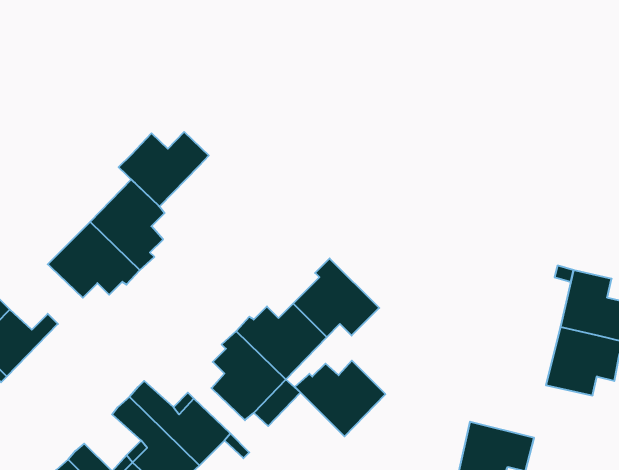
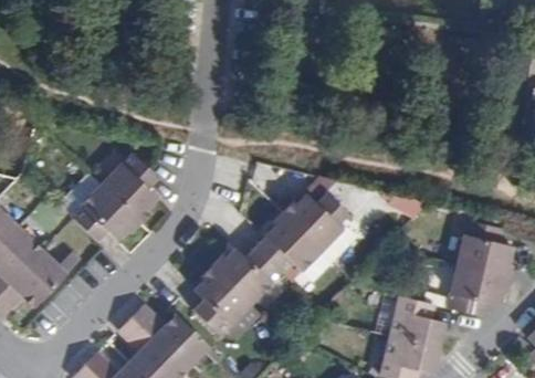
building: [119,132,209,207] -> none
building: [295,361,385,436] -> [283,190,352,248]
building: none -> [389,294,443,346]

